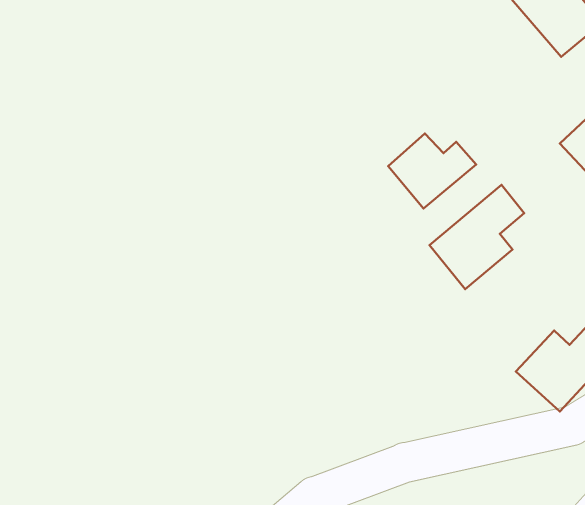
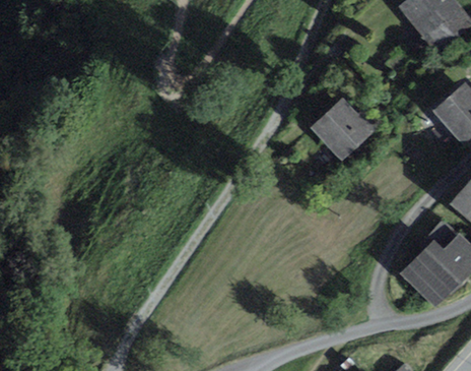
building: [429,185,524,289] -> none

